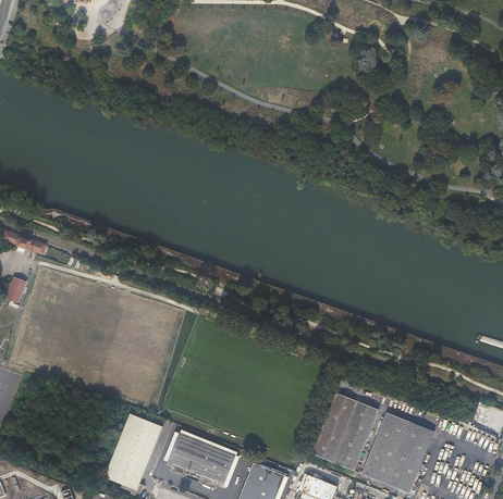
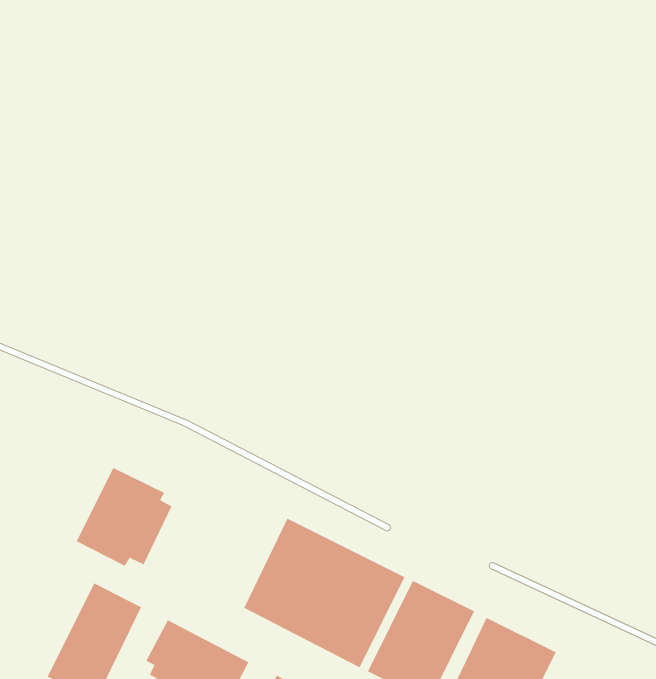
building: none -> [76,467,172,567]
building: none -> [243,518,405,668]

